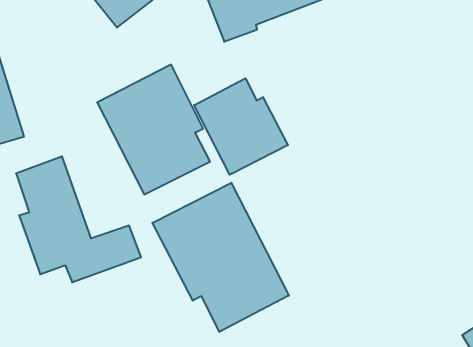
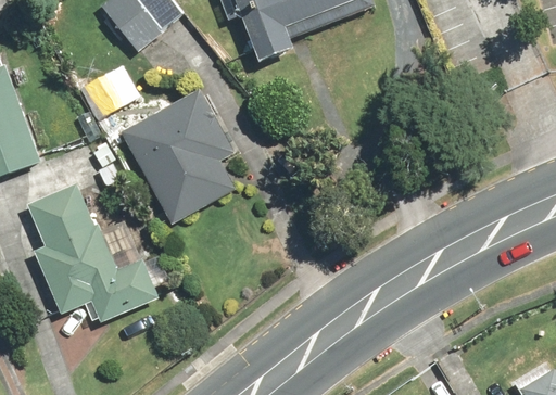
building: [194,78,288,175] -> none
building: [152,183,289,332] -> none

